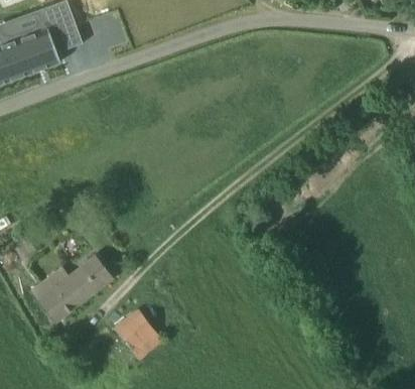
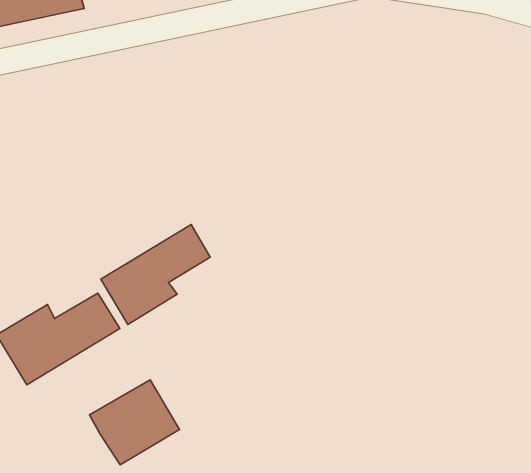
building: none -> [101,224,210,324]

